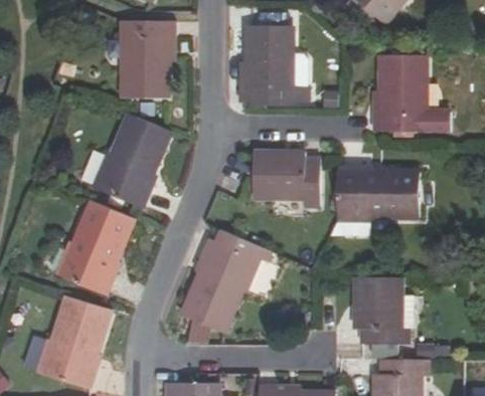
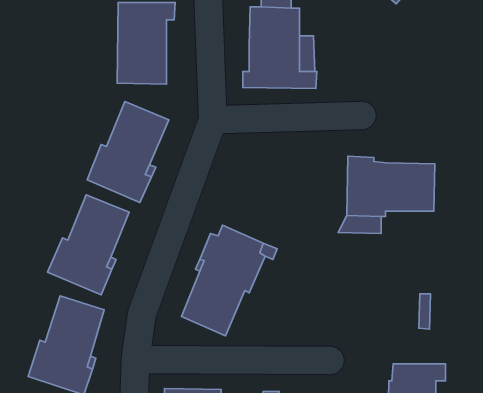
building: [372,55,449,131] -> none
building: [253,150,319,206] -> none
building: [353,276,408,344] -> none

